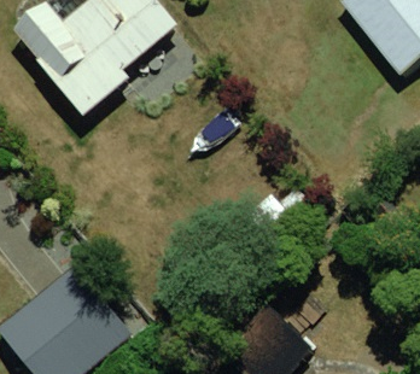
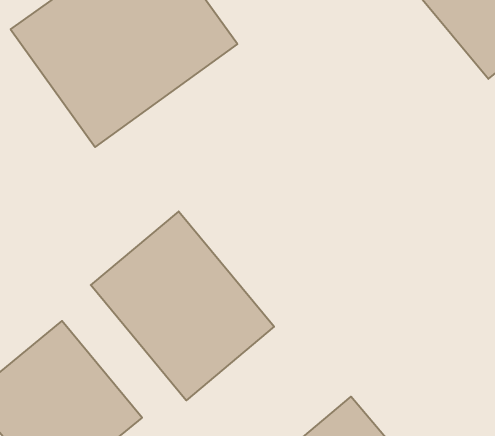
building: none -> [91,211,274,400]

